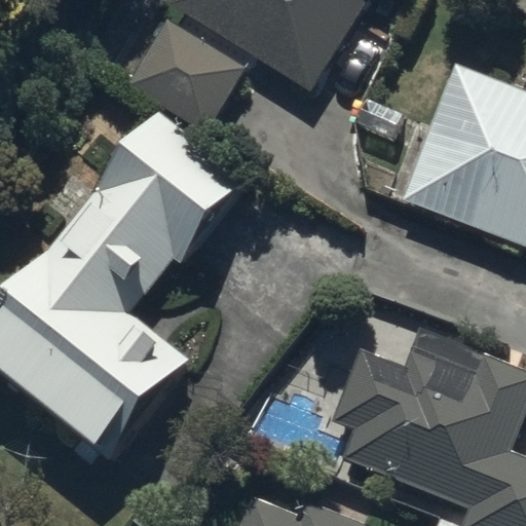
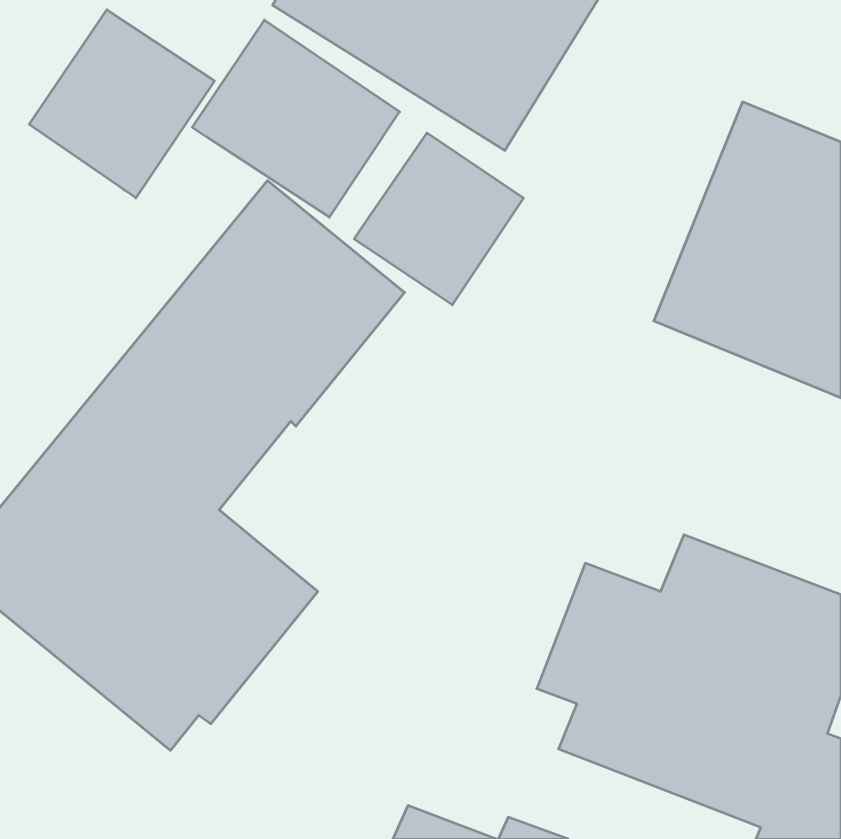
building: none -> [29,10,214,198]
building: none -> [354,133,523,305]

